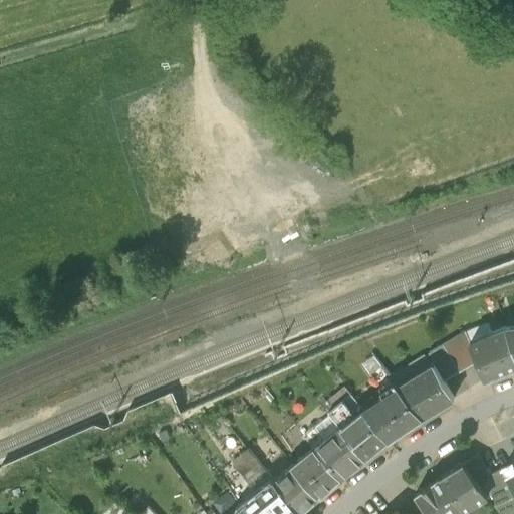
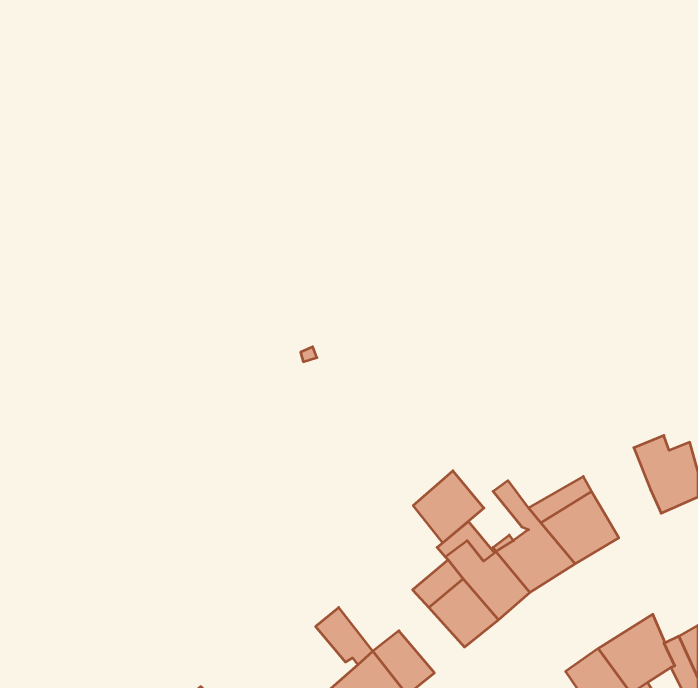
building: [429,336,478,386] -> none
building: none -> [413,471,484,543]
building: [293,454,341,502] -> none

